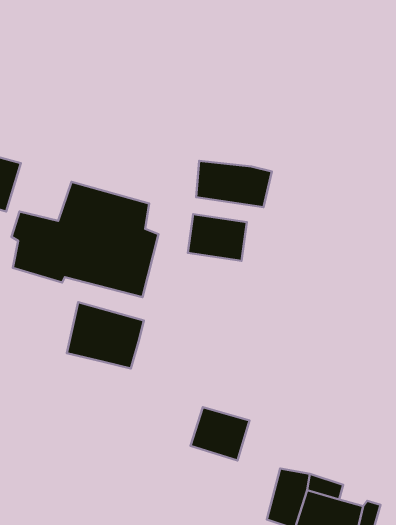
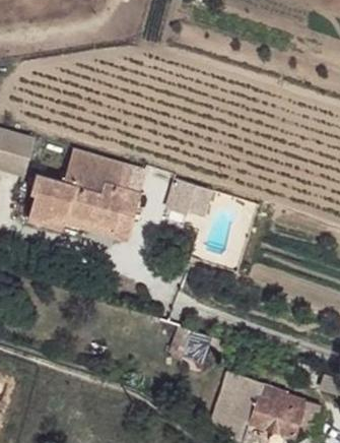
building: [196,161,272,207] -> none
building: [67,302,144,368] -> none

